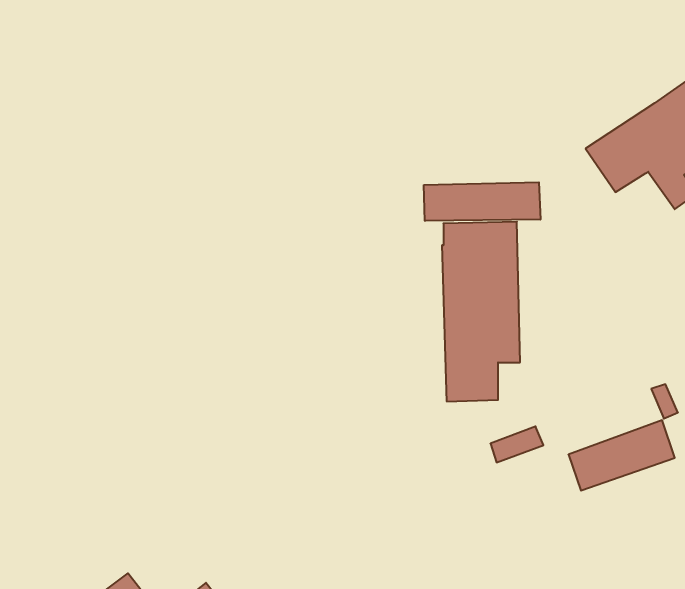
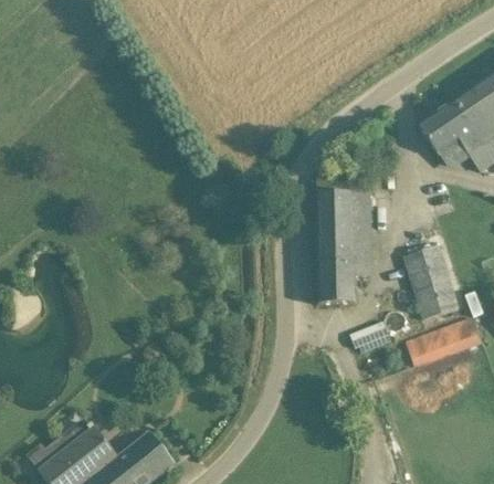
building: [424,182,540,221] -> none
building: none -> [404,245,459,319]

